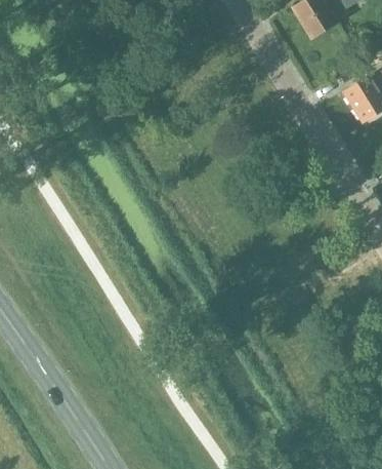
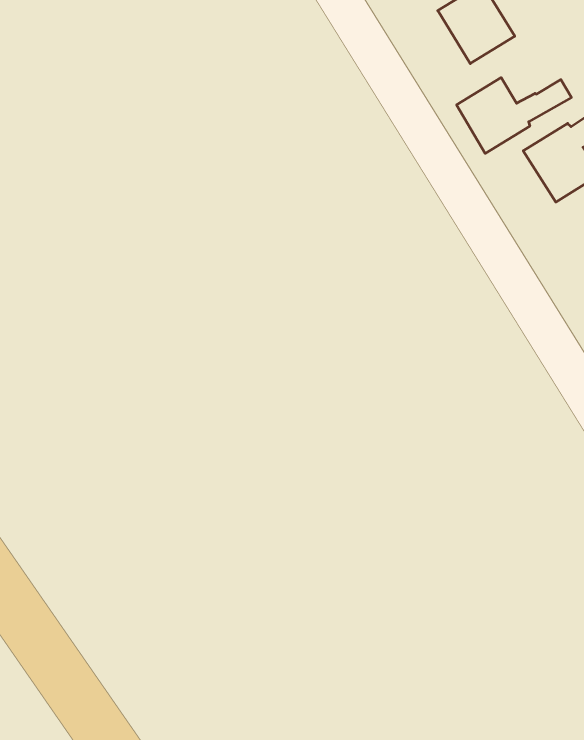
building: none -> [457,78,571,153]

